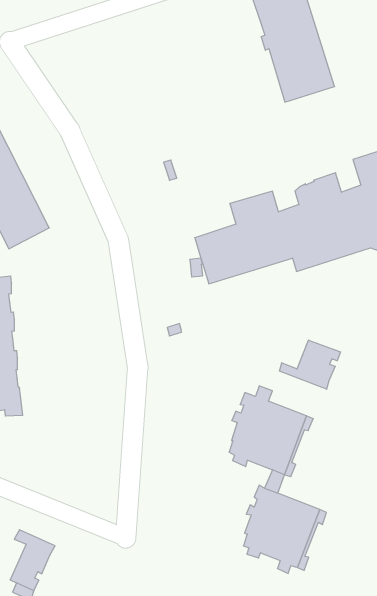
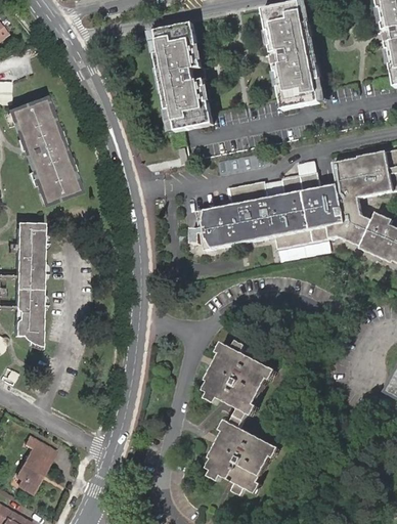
building: none -> [152,23,215,132]
building: [280,340,340,389] -> none

